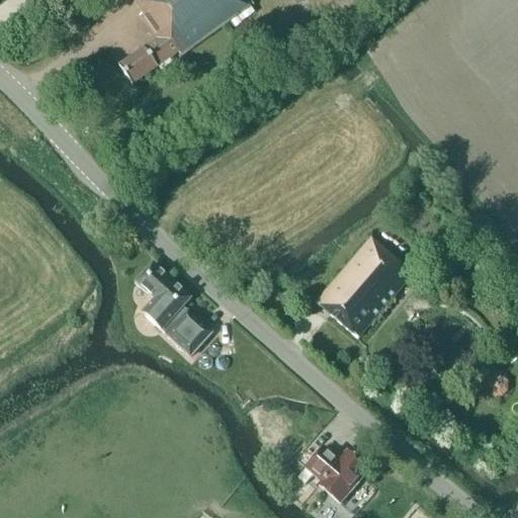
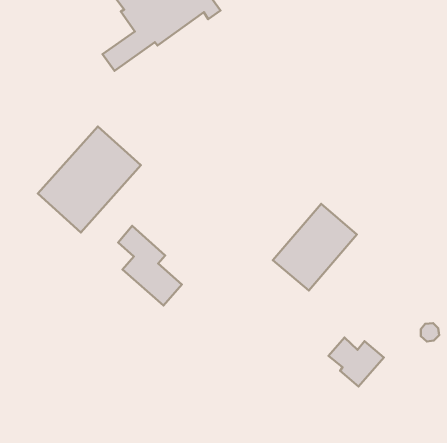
building: none -> [38,126,141,232]
building: [306,444,369,501] -> [329,338,384,387]

